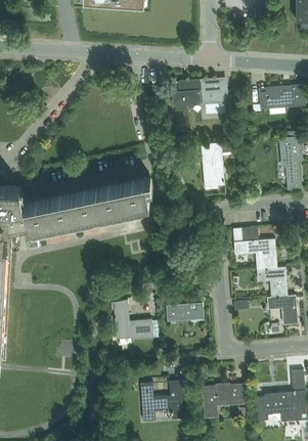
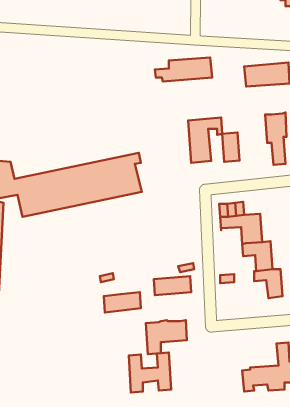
building: none -> [222,132,239,162]
building: [202,383,244,417] -> [146,320,187,354]

